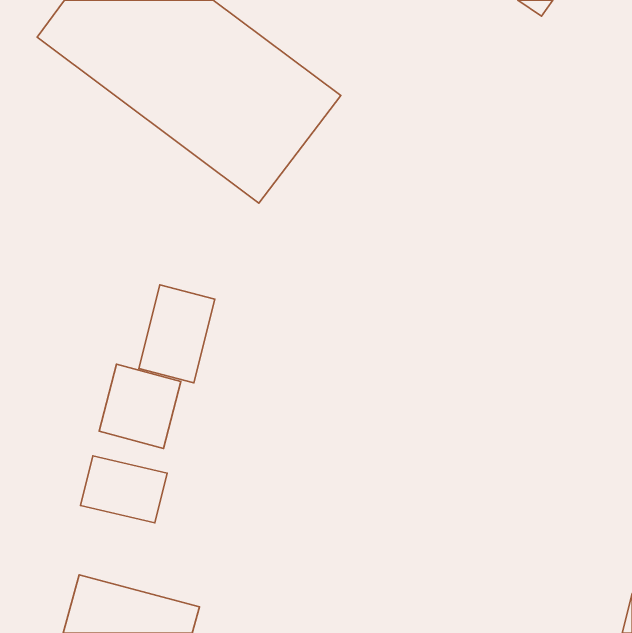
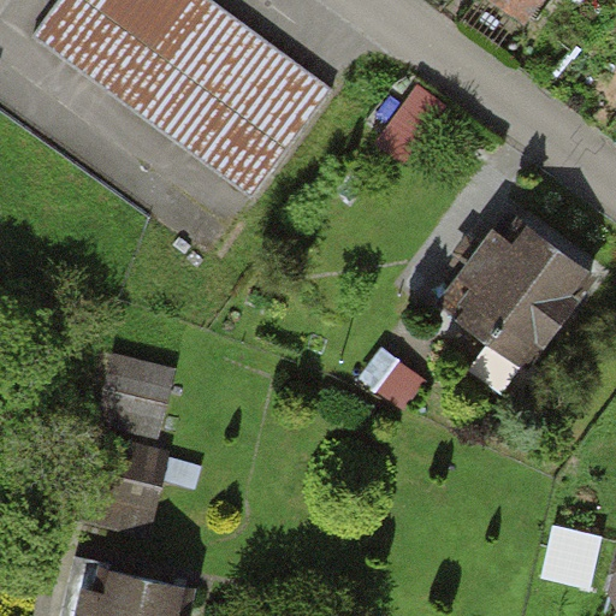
building: none -> [446,220,593,360]
building: [139,285,215,383] -> none

